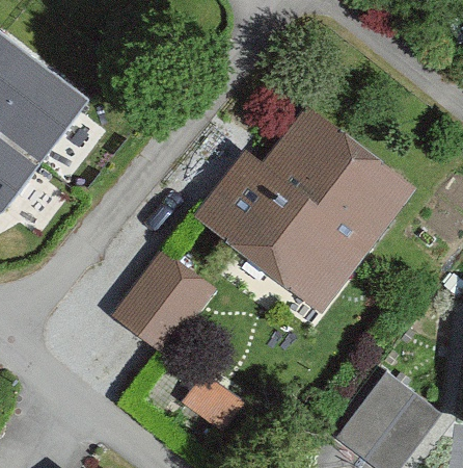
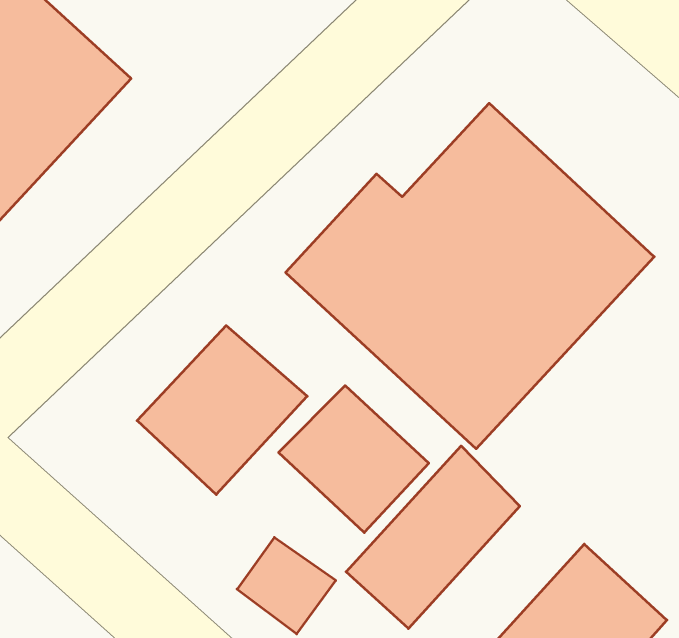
building: none -> [279,386,429,533]
building: none -> [346,446,520,629]

